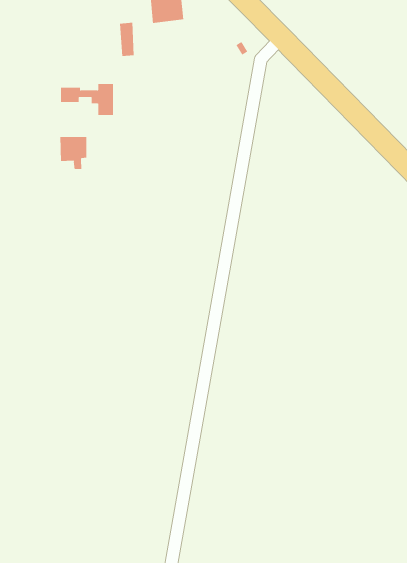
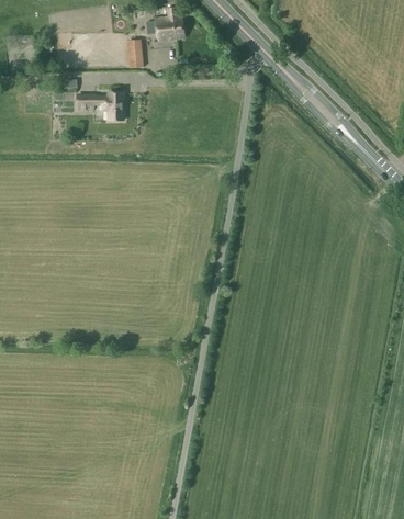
building: [60,136,87,170] -> none

